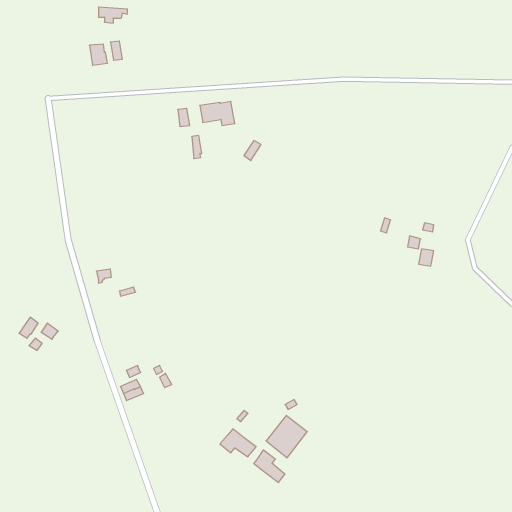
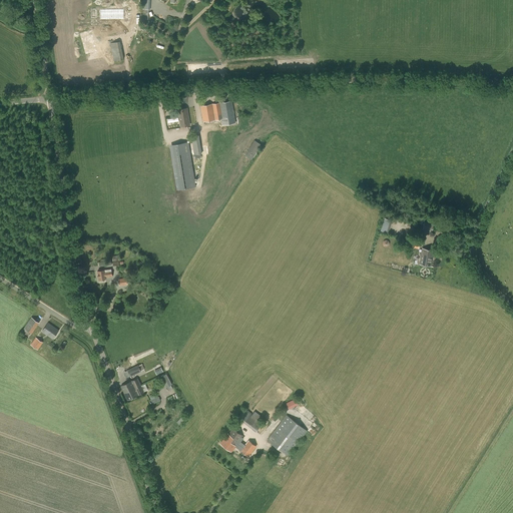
building: none -> [172,143,195,190]
building: [254,450,285,483] -> none

